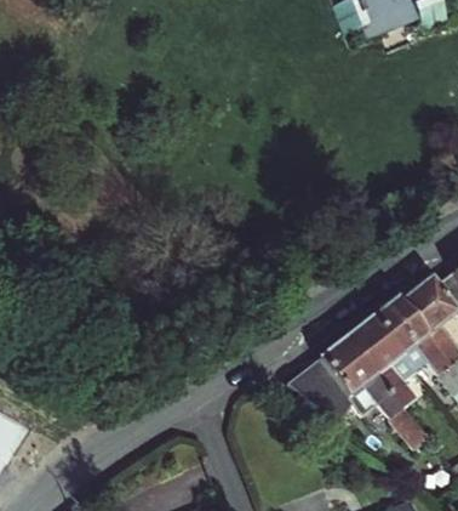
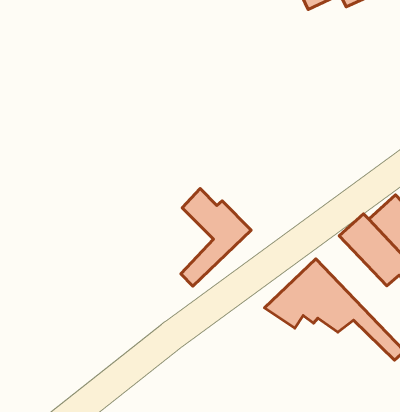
building: none -> [181,188,251,286]
building: [347,311,417,404] -> none

